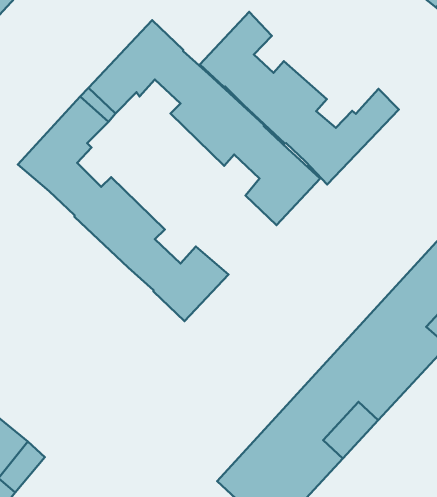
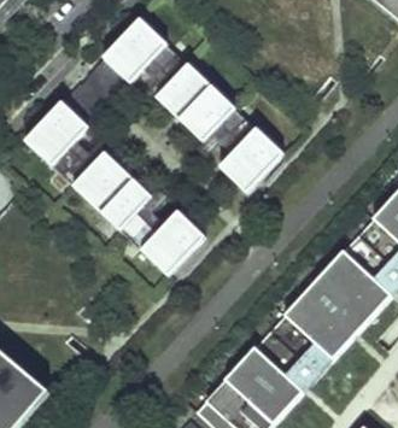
building: [200,12,399,184] -> none

